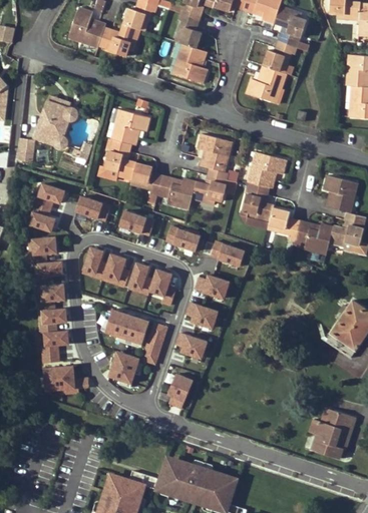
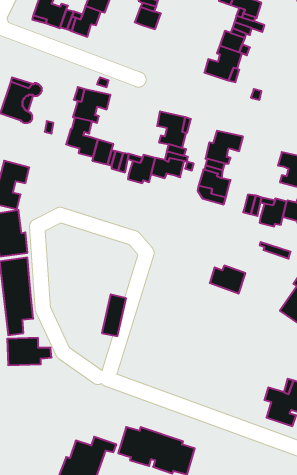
building: [172,44,208,83] -> none
building: [74,196,109,223] -> none
building: [267,207,290,233] -> none
building: [118,210,153,238] -> none
building: [163,225,201,254] -> none
building: [208,240,246,271] -> none
building: [80,247,175,303] -> none
building: [193,275,230,304] -> [210,266,245,294]
building: [181,302,220,333] -> none
building: [103,311,149,349] -> none
building: [172,333,208,362] -> none
building: [106,352,139,387] -> none
building: [164,374,193,410] -> none

